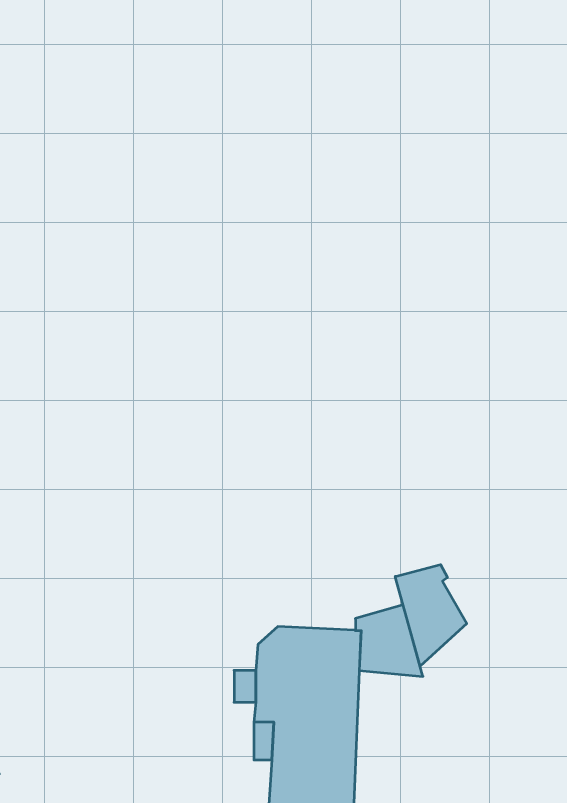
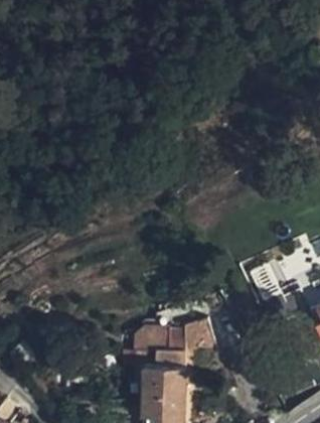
building: [395,565,467,666] -> none

